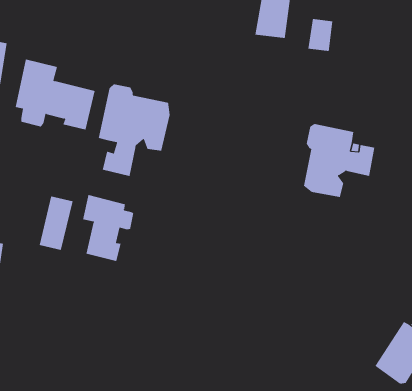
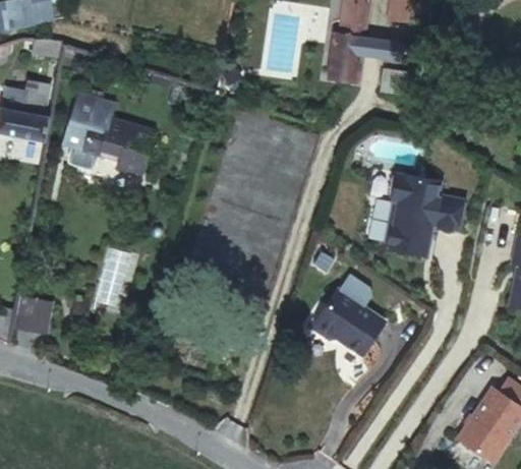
building: [98,84,170,177] -> none
building: [82,194,134,262] -> none
building: none -> [316,286,387,352]

